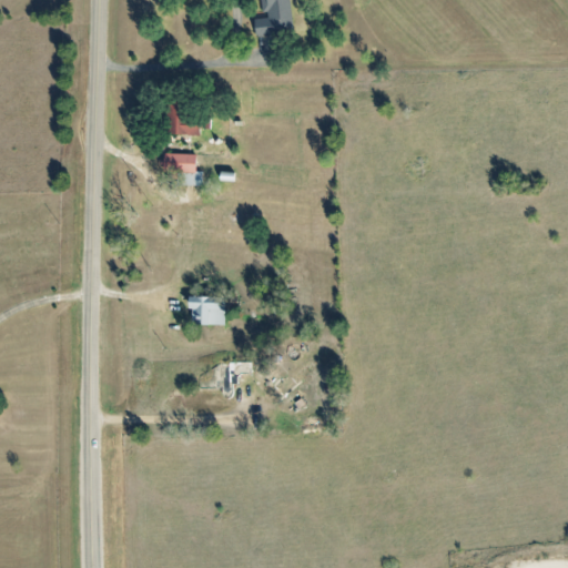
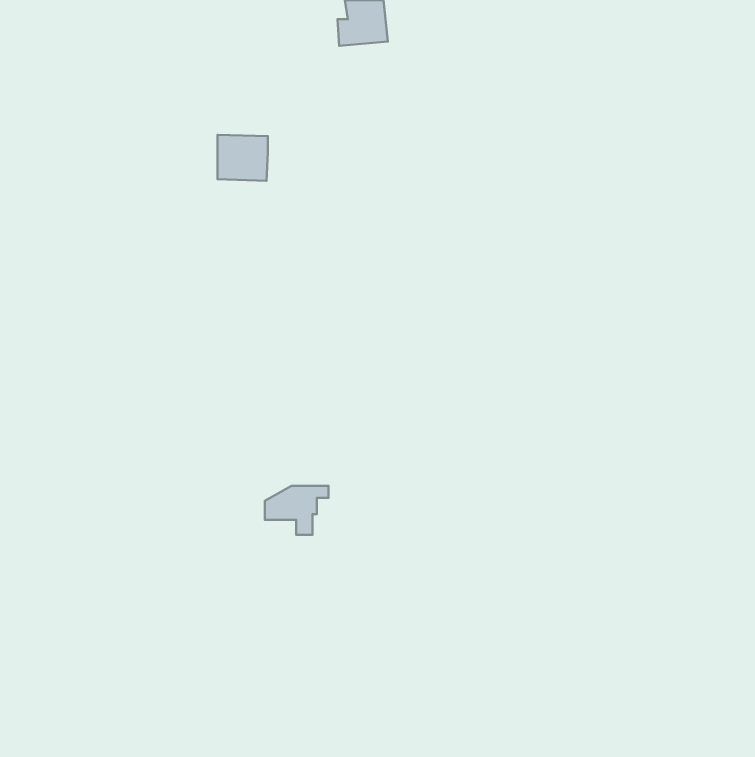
building: [164,154,196,171] -> none
building: [192,295,229,324] -> none

